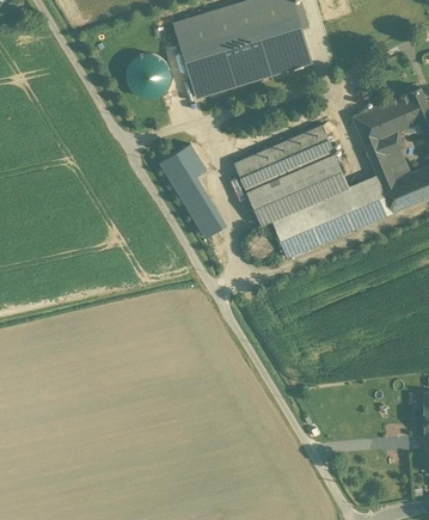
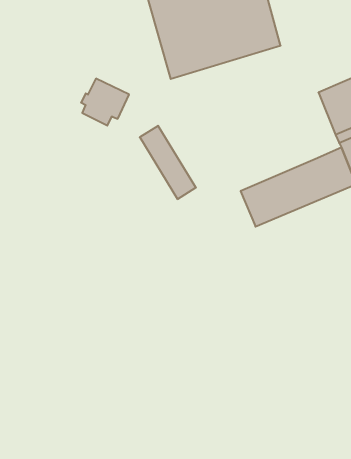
building: [123,51,173,100] -> [81,79,129,126]
building: [233,126,348,225] -> none

